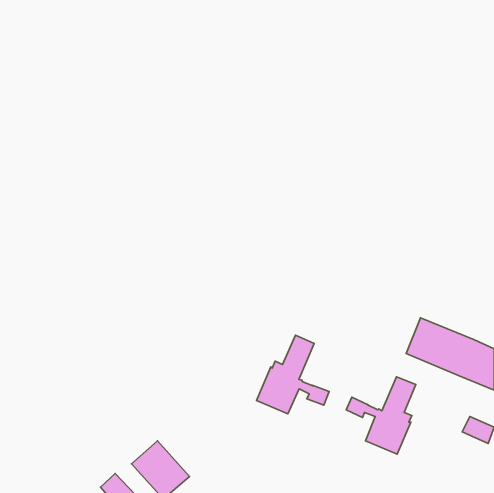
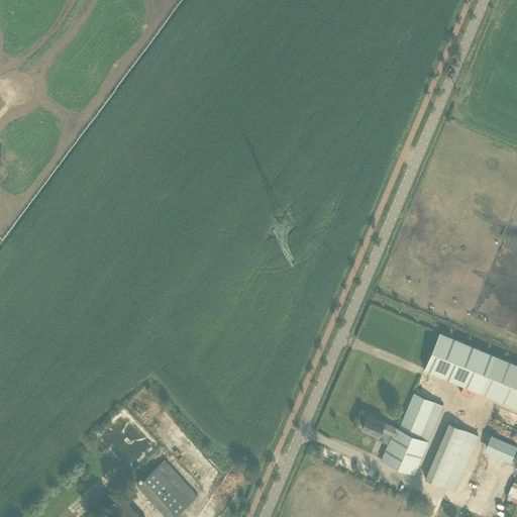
building: [257,335,329,414] -> none
building: none -> [424,424,479,493]

